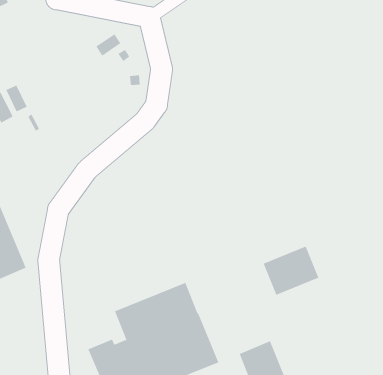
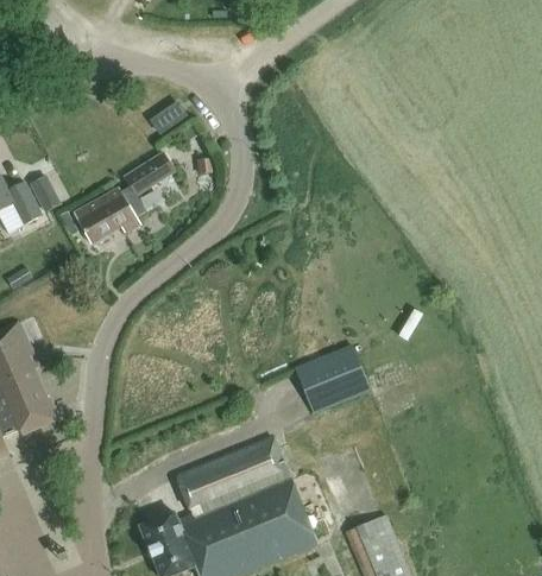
building: none -> [73,153,175,245]
building: [263,246,319,295] -> [295,347,371,413]

